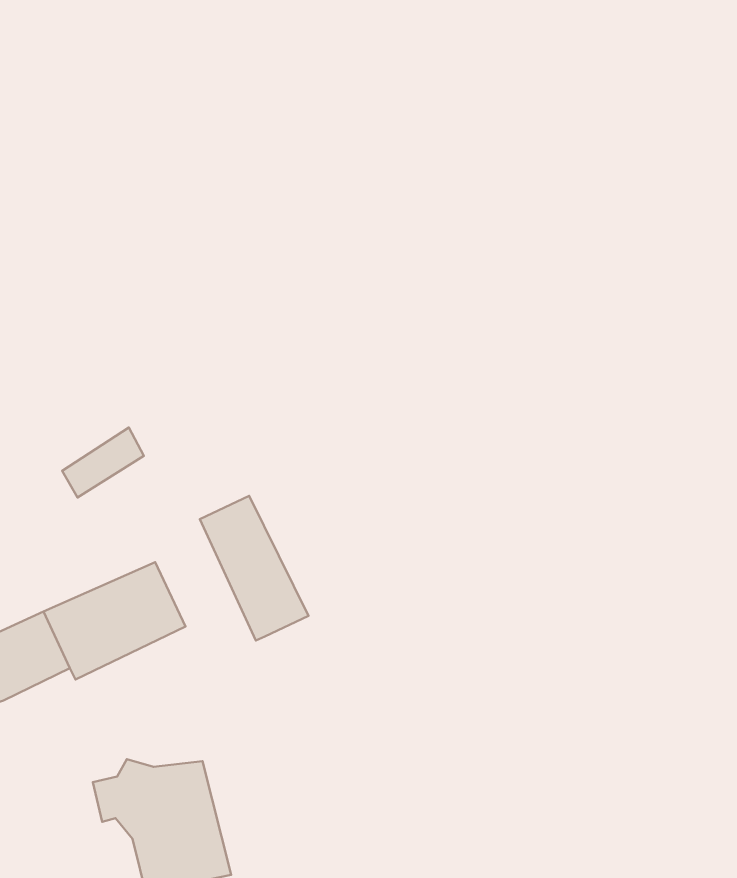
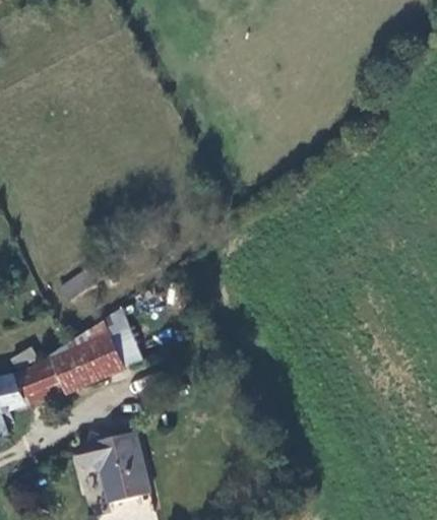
building: [200,496,308,640] -> none

